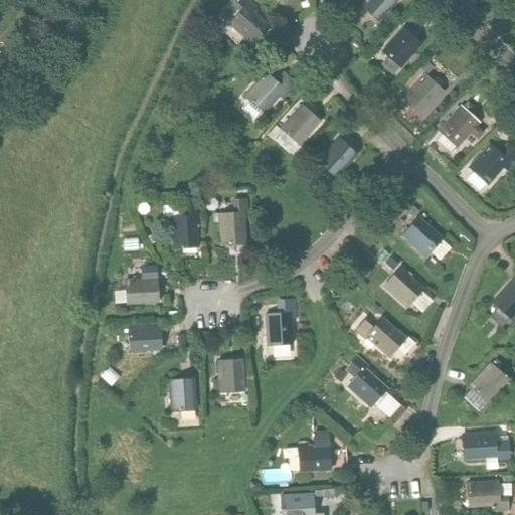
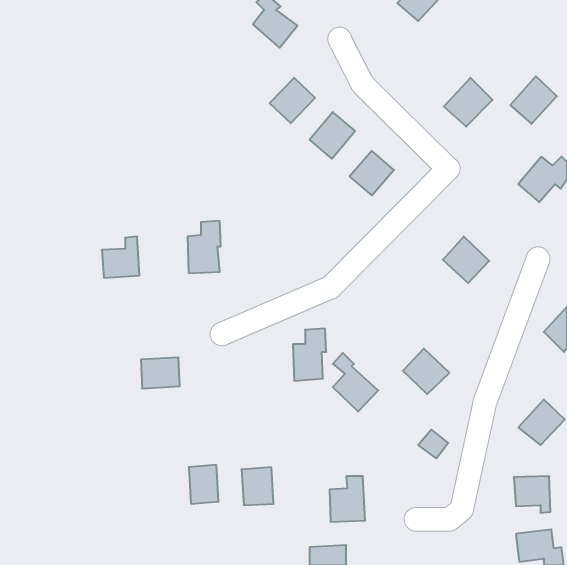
building: [382,26,422,66] -> none
building: [439,104,481,147] -> [510,76,557,124]
building: [217,197,248,246] -> none
building: [384,266,426,308] -> none
building: [125,267,159,304] -> [102,237,139,278]
building: [348,355,389,408] -> [333,353,378,412]
building: [216,358,245,392] -> [241,467,274,505]
building: [168,376,195,411] -> [189,465,219,504]

